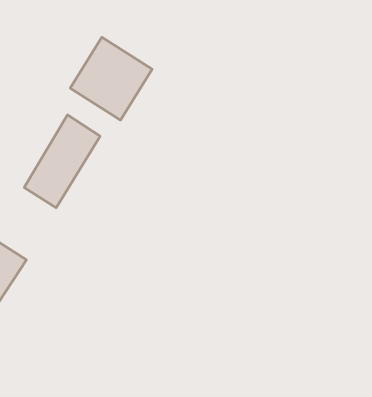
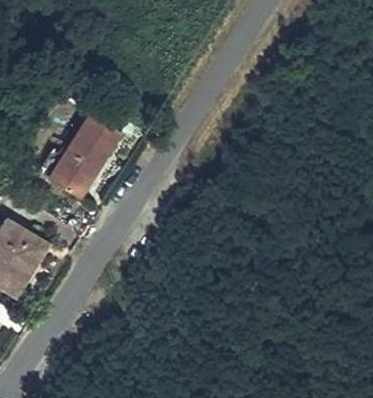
building: [70,37,152,120] -> none

